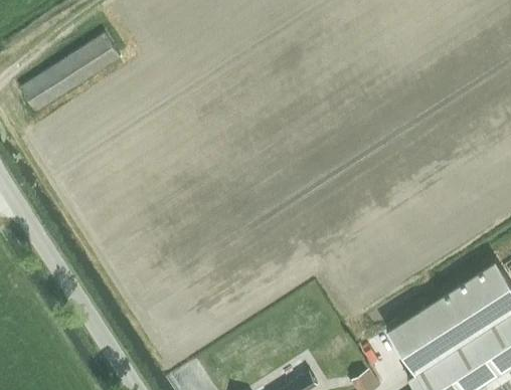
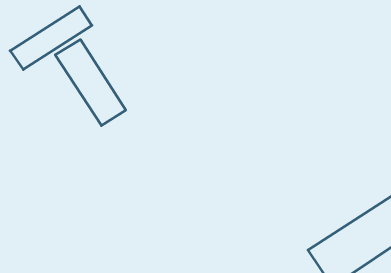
building: none -> [55,40,126,126]

